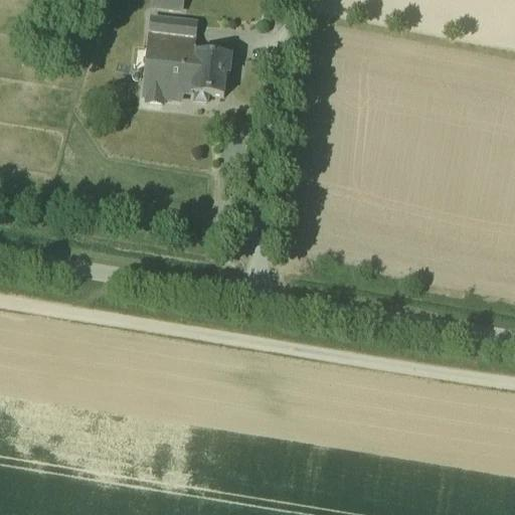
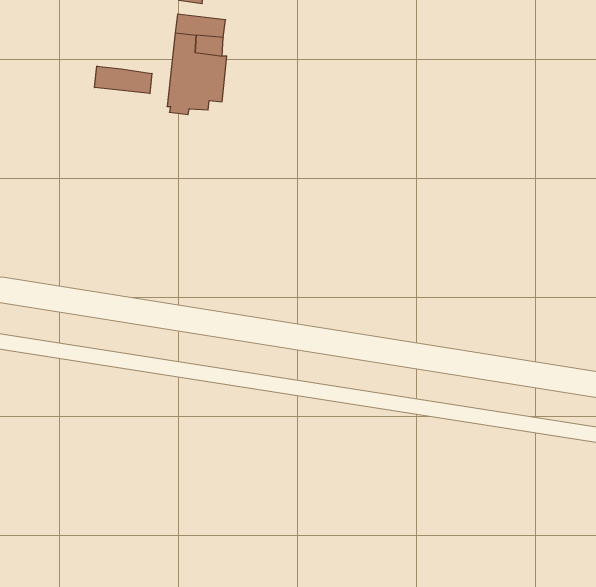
building: [192,48,227,97] -> none
building: none -> [95,66,152,94]

